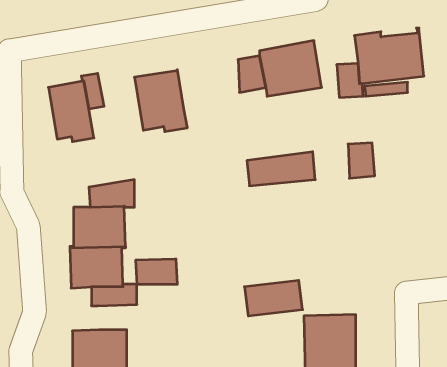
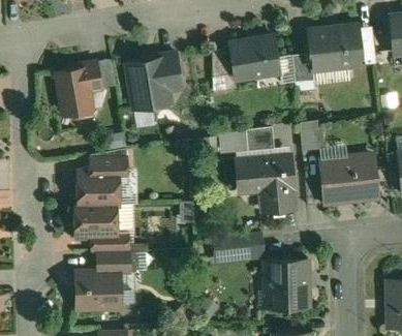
building: none -> [160,53,182,91]
building: none -> [321,154,377,204]
building: none -> [237,155,295,209]
building: [136,259,177,284] -> [97,251,131,272]

